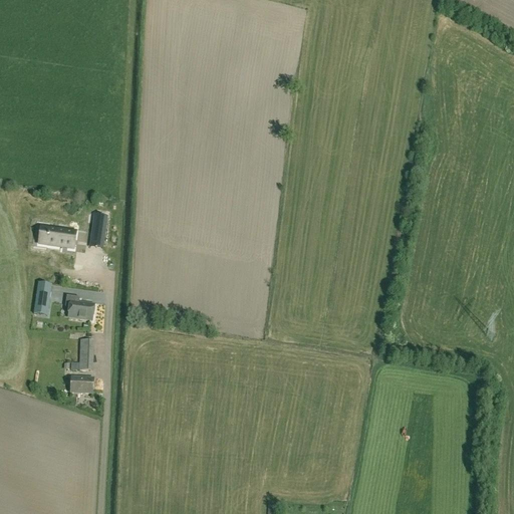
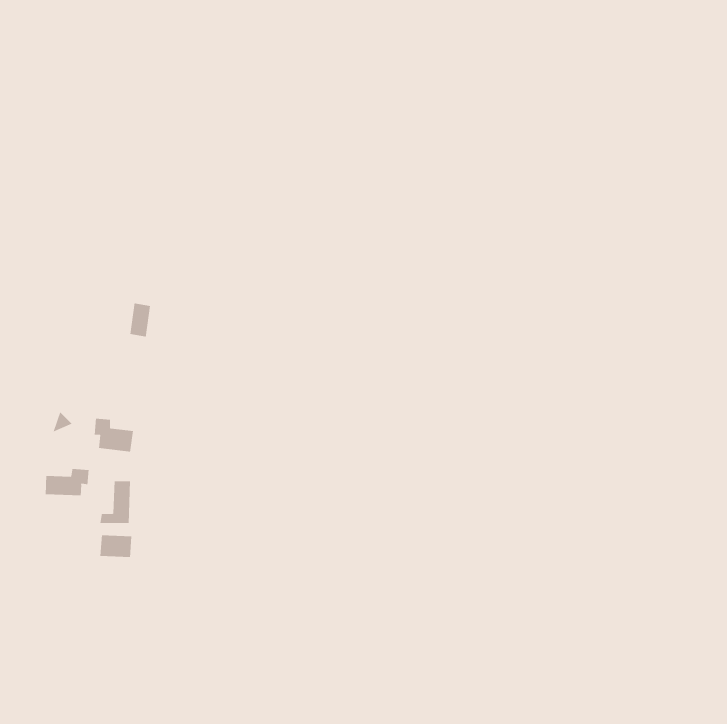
building: [47,228,76,248] -> none
building: none -> [45,468,89,496]

